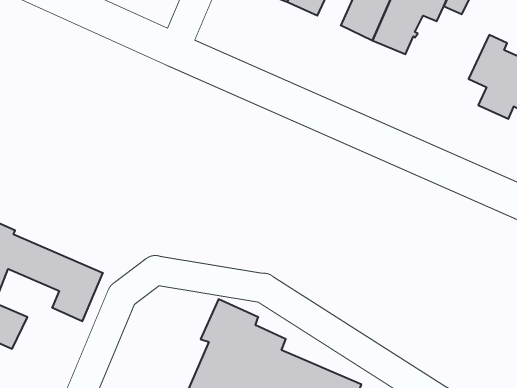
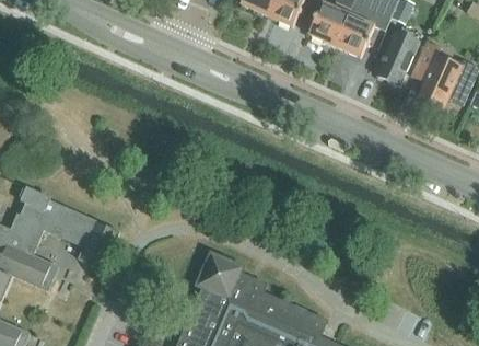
building: none -> [376,30,420,84]

